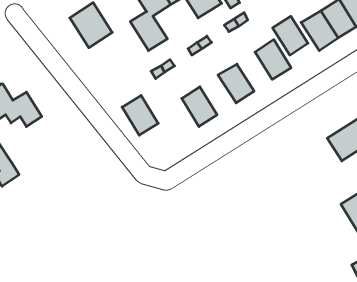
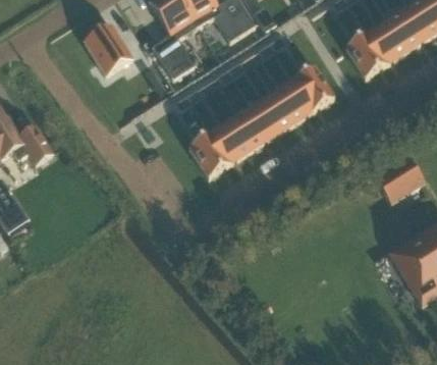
building: [273,16,308,55] -> [273,80,313,123]
building: none -> [231,105,272,150]
building: [122,95,158,135] -> [189,132,230,176]

